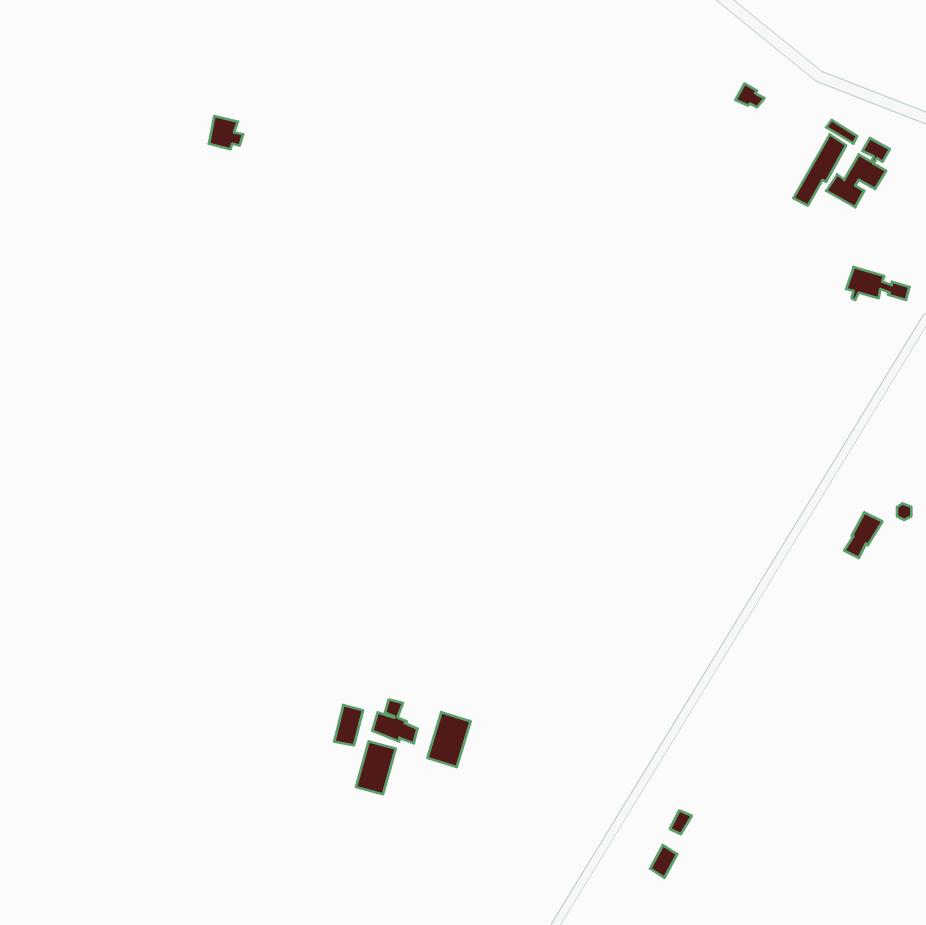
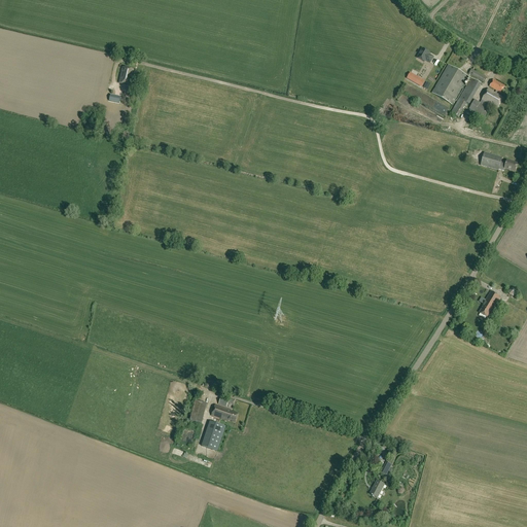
building: none -> [431,64,467,103]
building: [428,712,470,767] -> none

